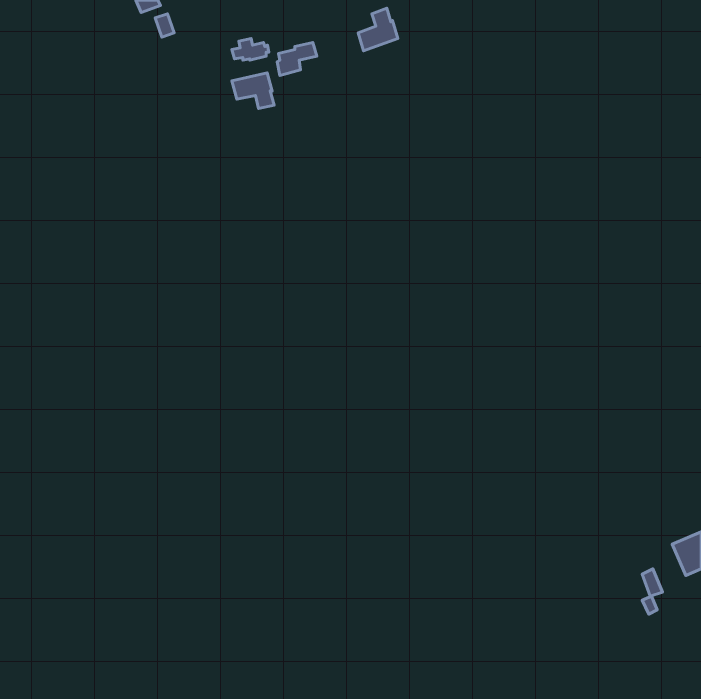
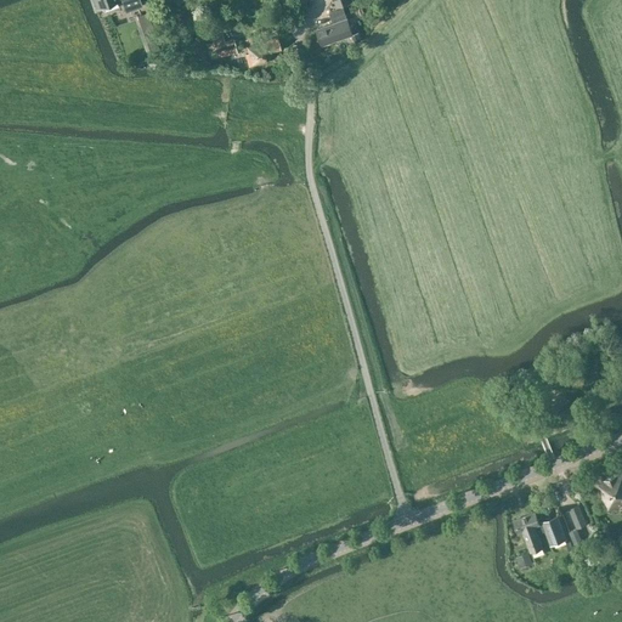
building: [232,73,274,108] -> none
building: none -> [513,511,566,553]

